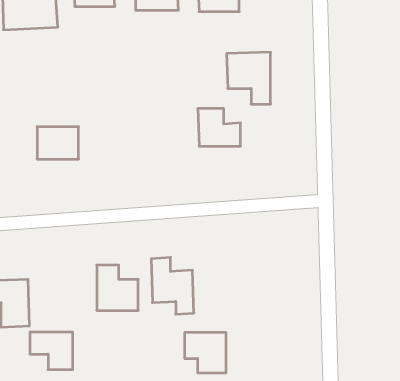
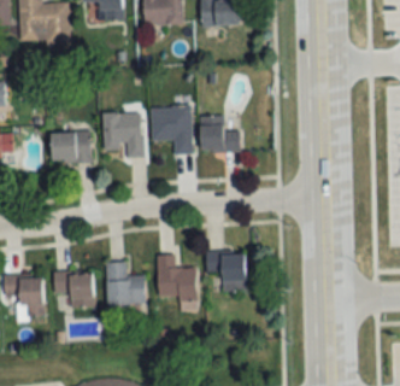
building: [227,52,271,104] -> [152,106,193,154]
building: none -> [104,113,143,158]
building: [30,332,73,370] -> [54,273,94,308]
building: [185,333,226,373] -> [208,253,247,291]

